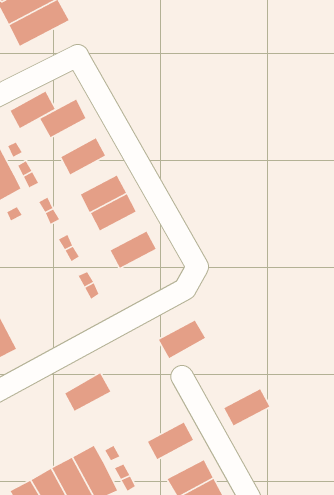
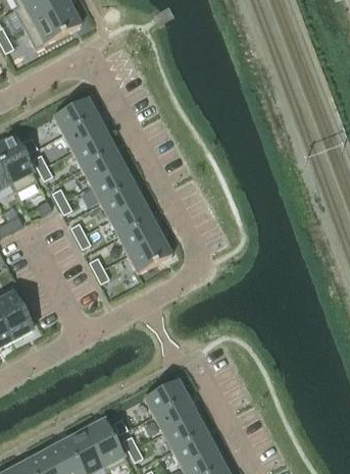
building: [10,91,56,129] -> [63,114,106,150]
building: none -> [82,149,126,185]
building: none -> [109,201,153,236]
building: [158,320,206,359] -> [128,235,172,272]
building: [64,372,111,412] -> [144,377,188,414]
building: [223,388,270,427] -> [162,413,206,449]

